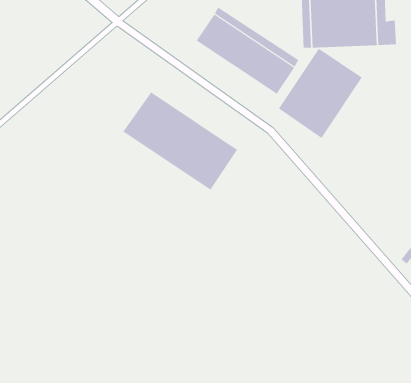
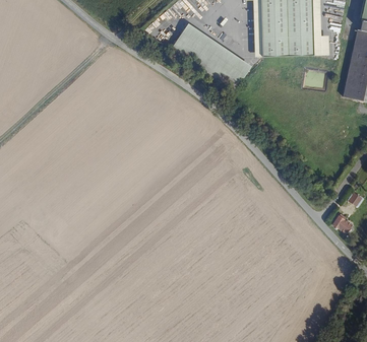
building: [278,48,363,139] -> none
building: [123,92,238,191] -> none

